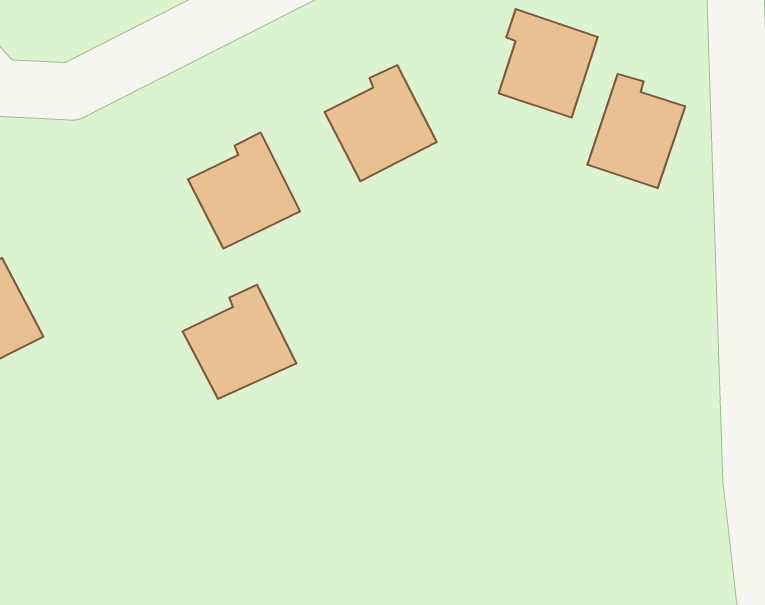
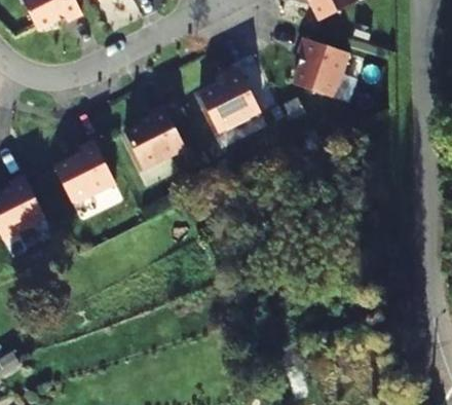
building: [587,74,685,188] -> none
building: [182,285,297,399] -> [53,142,116,205]

